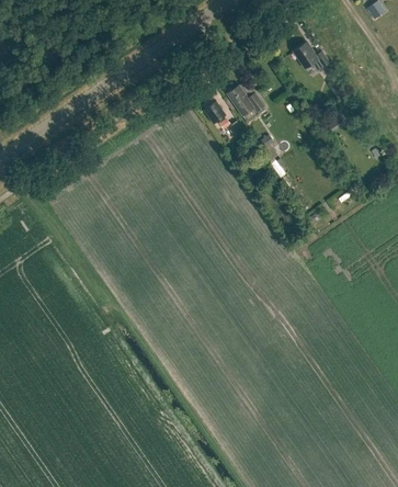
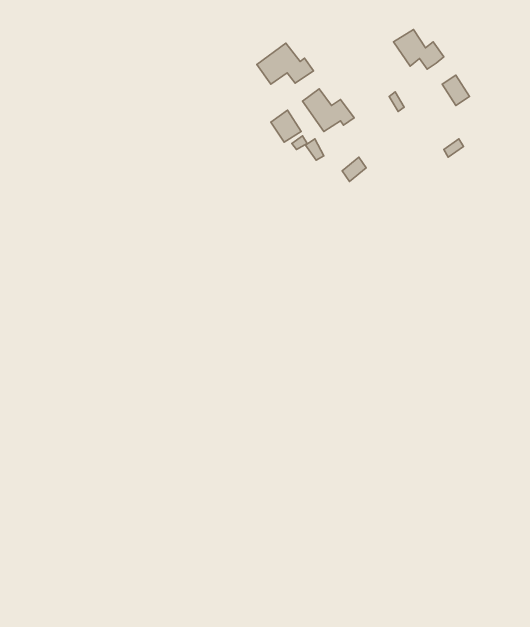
building: none -> [257,43,313,84]

